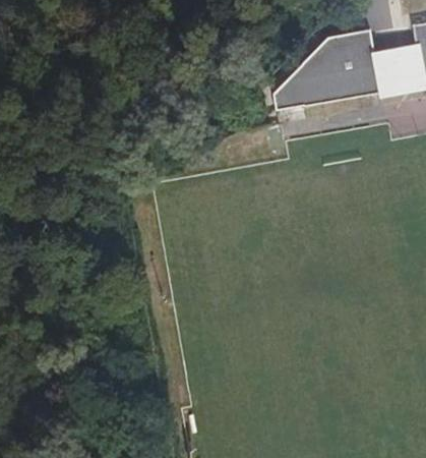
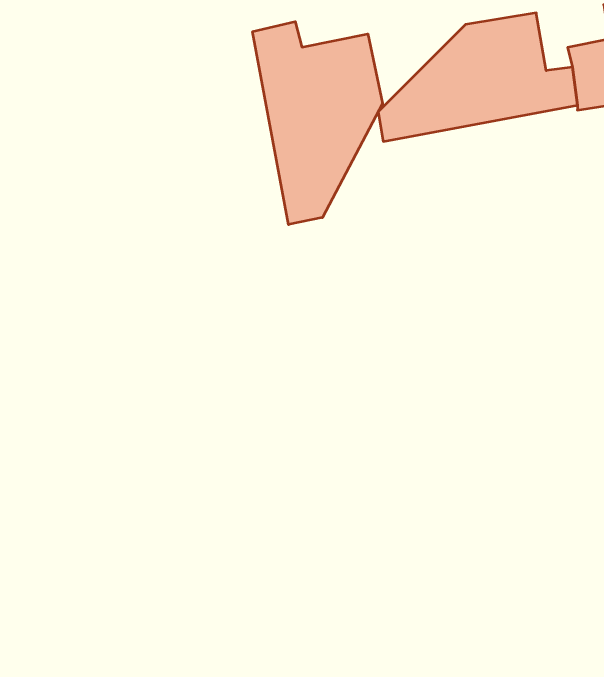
building: none -> [253,22,383,225]

